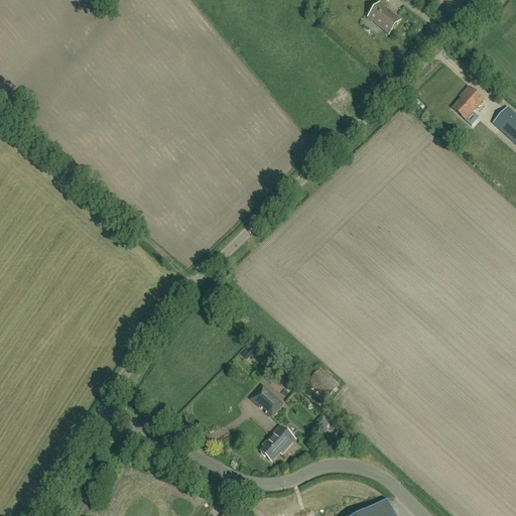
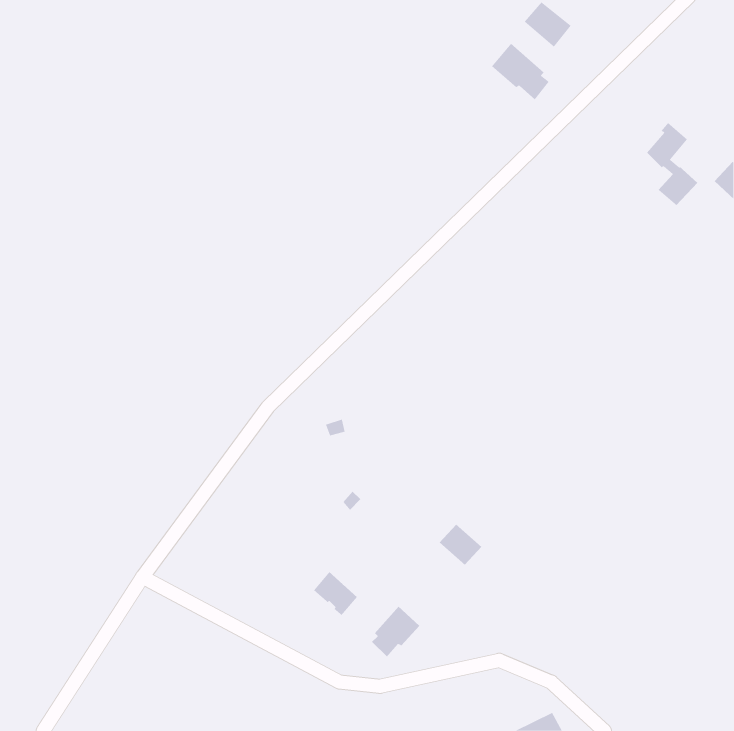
building: none -> [491,43,549,100]
building: [251,385,282,416] -> [313,571,358,616]

